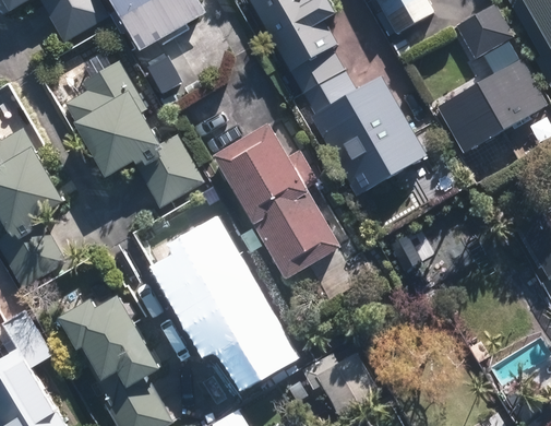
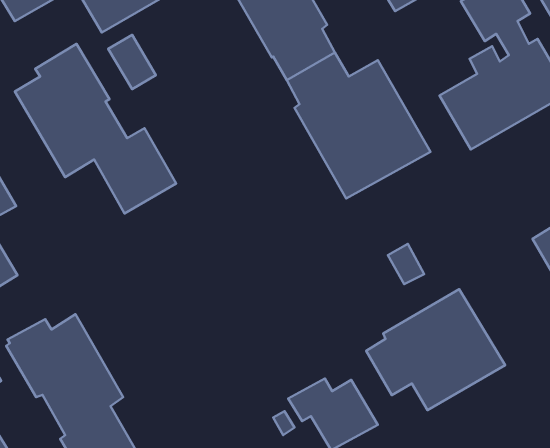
building: [206,120,336,279] -> none
building: [159,229,288,379] -> none
building: none -> [366,289,505,410]

